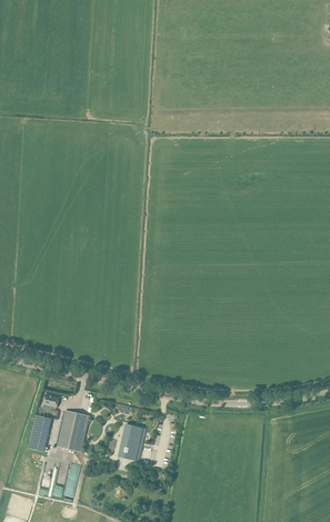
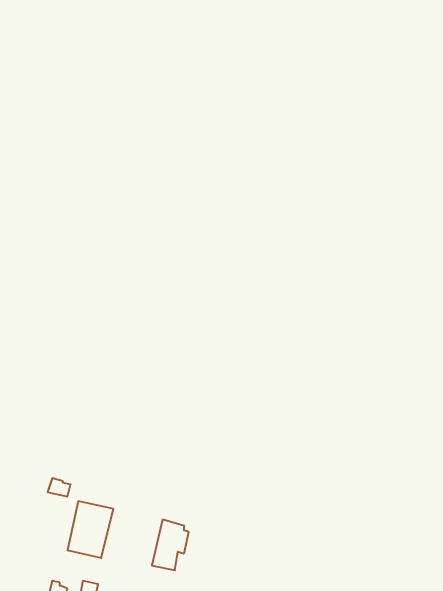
building: [28,414,51,451] -> none

